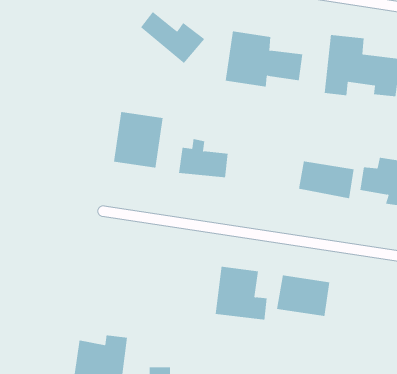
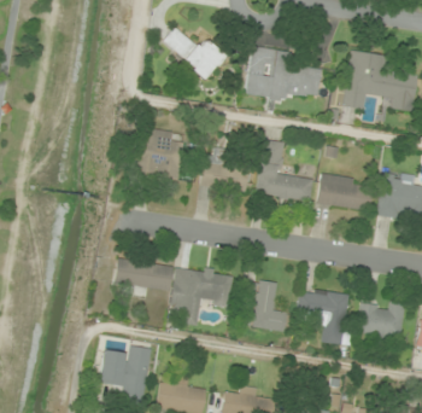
building: none -> [256,139,313,202]
building: none -> [112,257,233,325]
building: none -> [356,299,405,339]

